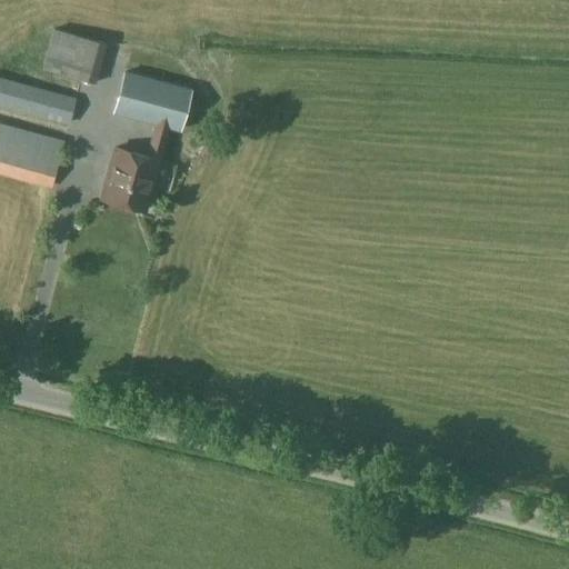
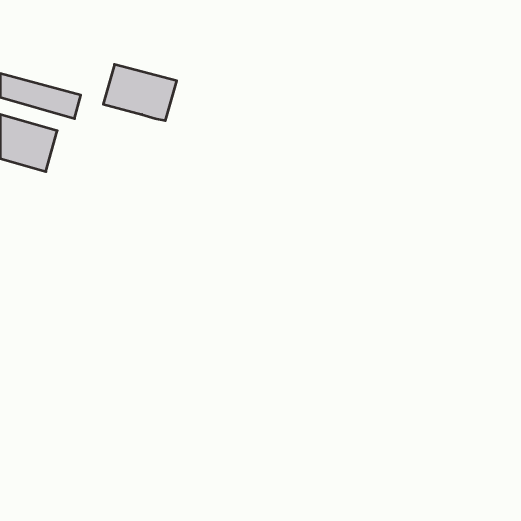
building: [37,29,92,79] -> none
building: [101,124,170,211] -> none

